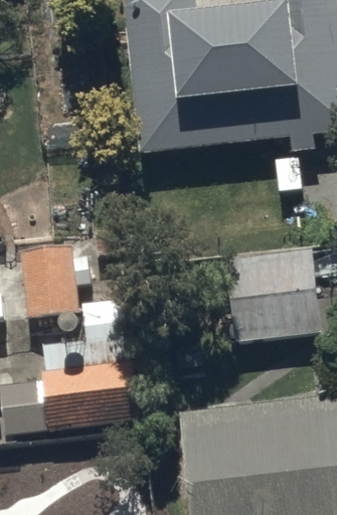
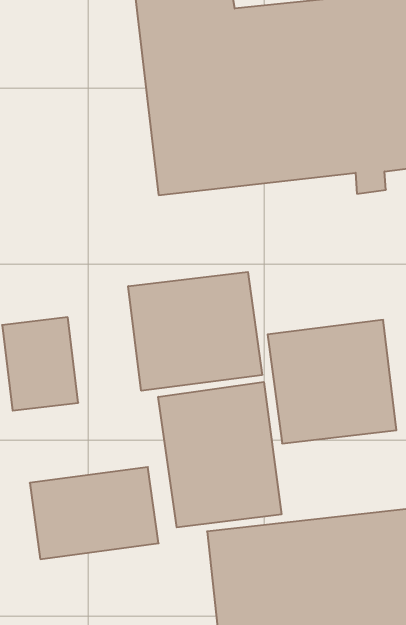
building: none -> [128,272,262,391]
building: none -> [158,382,281,527]

